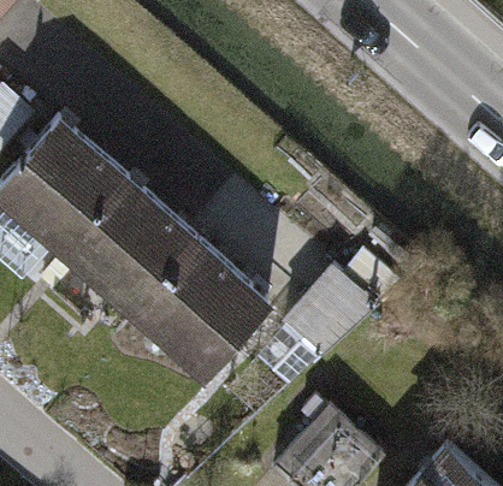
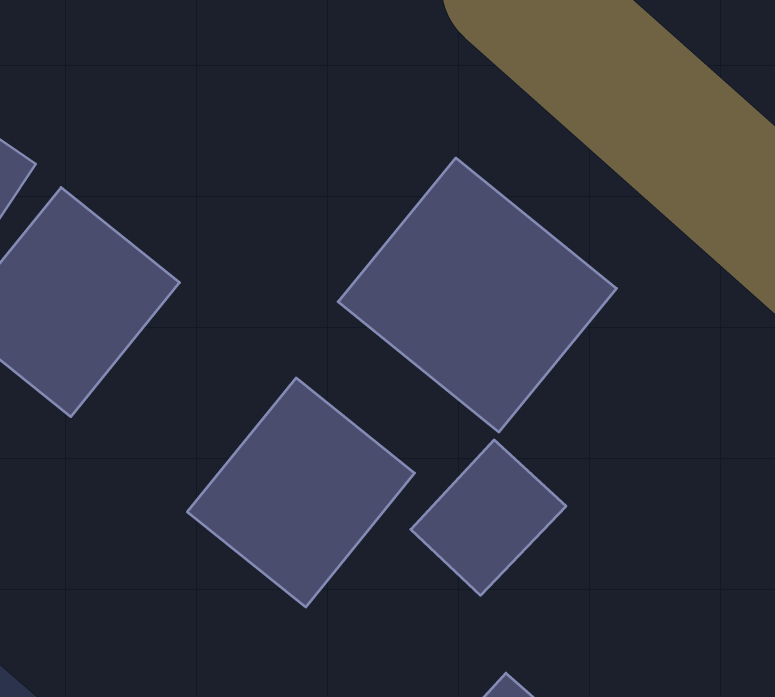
building: none -> [338,158,617,432]
building: [63,180,202,322] -> none

